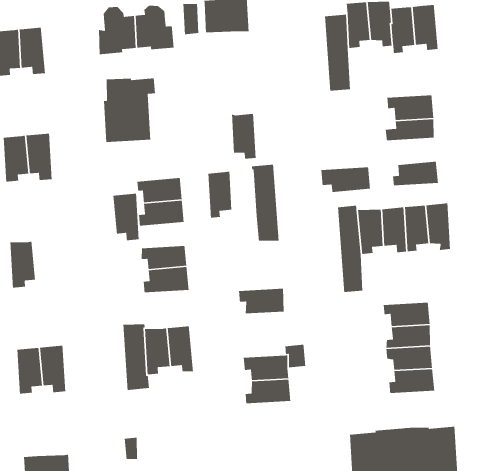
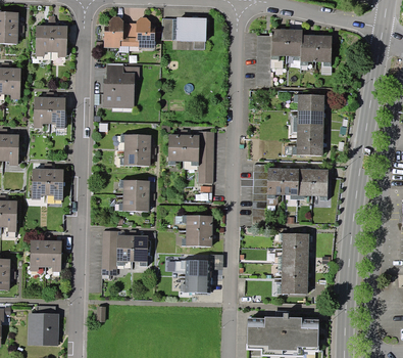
building: [231,113,257,160] -> [183,134,199,166]
building: [320,166,371,193] -> [290,124,322,140]
building: [113,193,140,241] -> [47,169,63,200]
building: none -> [182,231,211,247]

